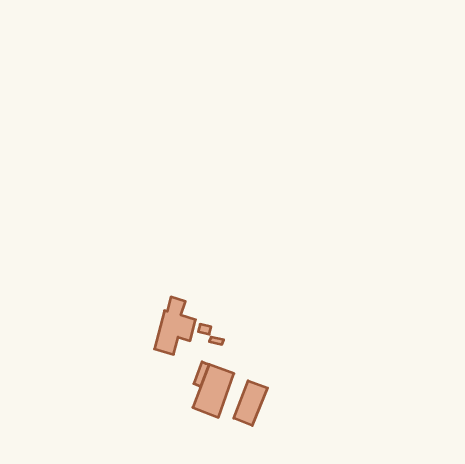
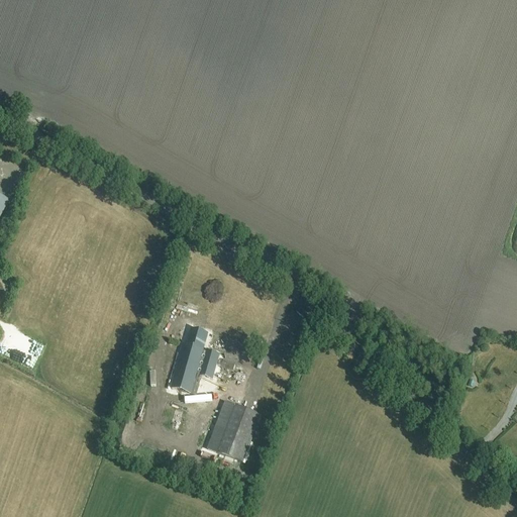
building: [234,381,268,426] -> none

